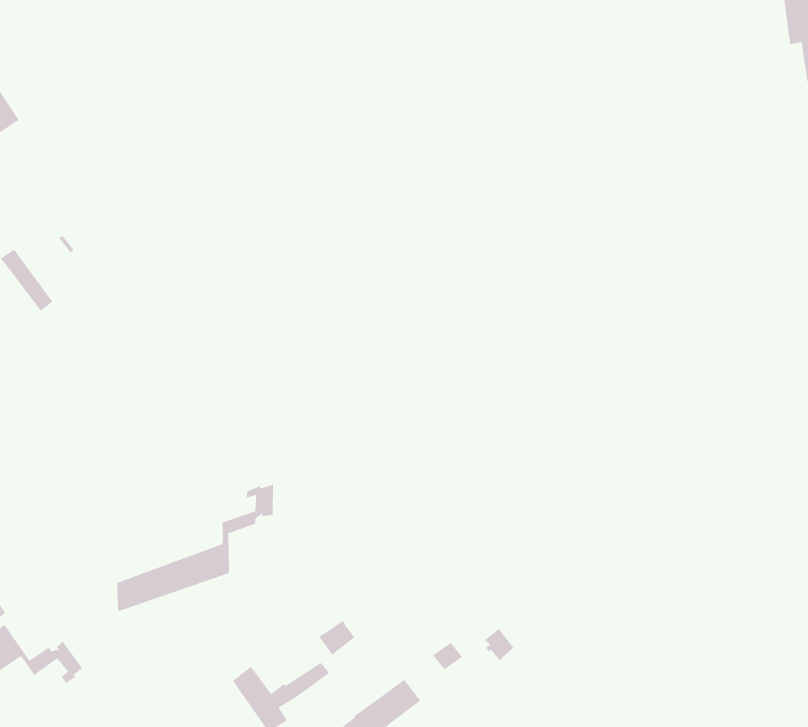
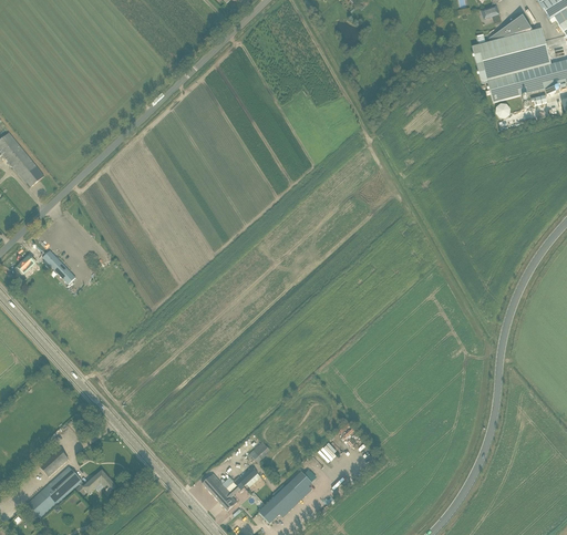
building: [116,484,273,612] -> none

